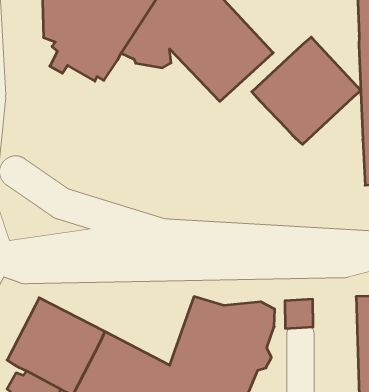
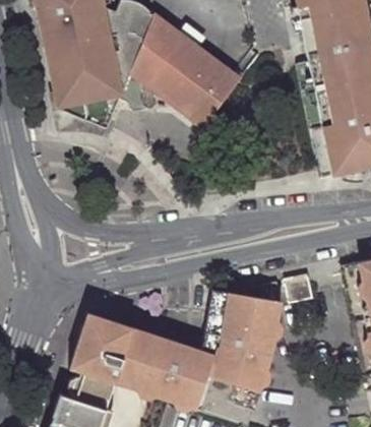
building: [252,37,361,144] -> none

